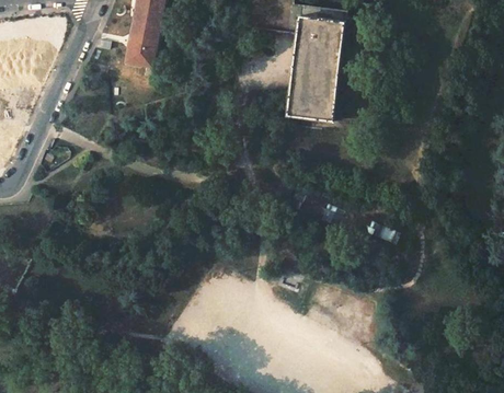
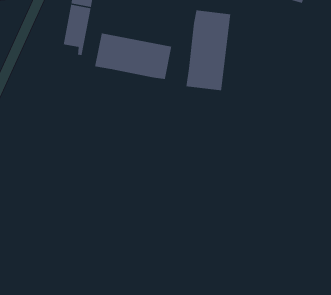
building: none -> [94,33,172,80]

